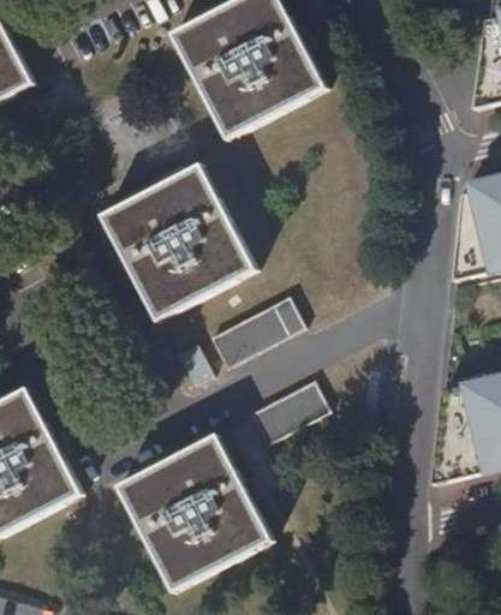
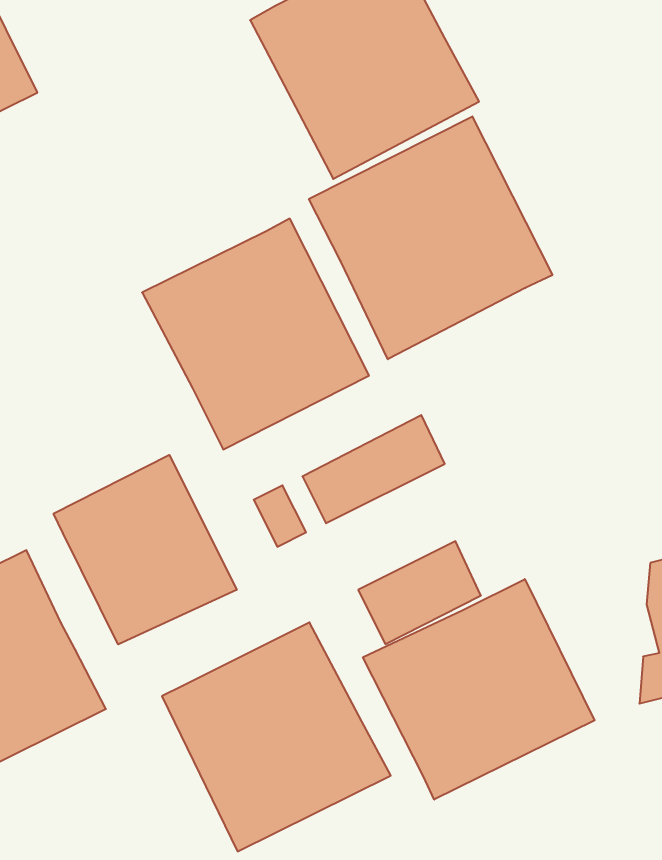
building: none -> [309,116,552,359]
building: none -> [54,455,237,644]
building: none -> [363,579,595,800]

